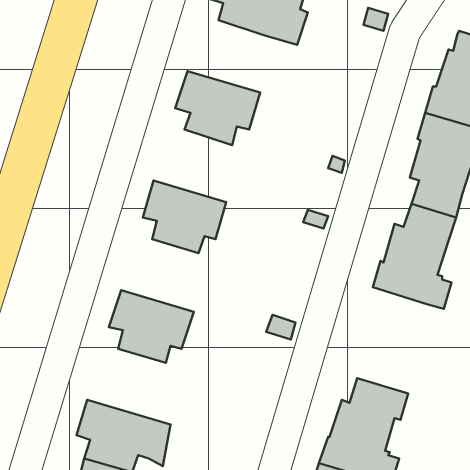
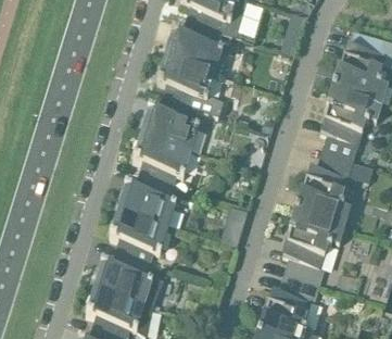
building: none -> [166,20,225,71]
building: none -> [142,97,201,148]
building: none -> [119,174,178,225]
building: none -> [284,208,346,282]
building: none -> [96,251,166,304]

